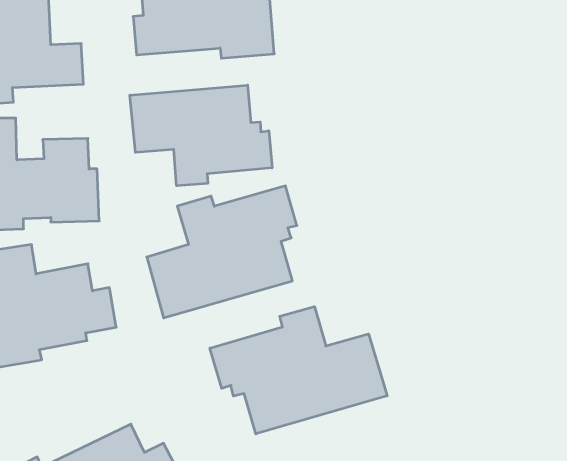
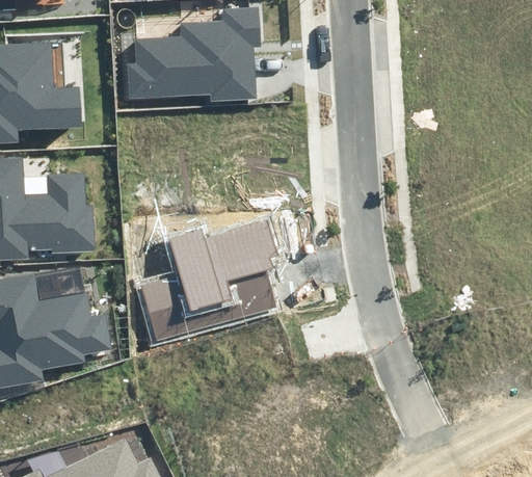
building: [130,85,272,186] -> none
building: [210,307,387,434] -> none

